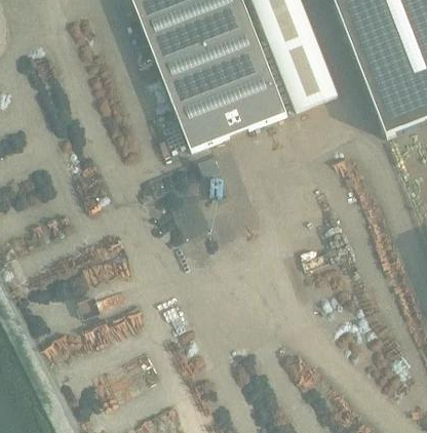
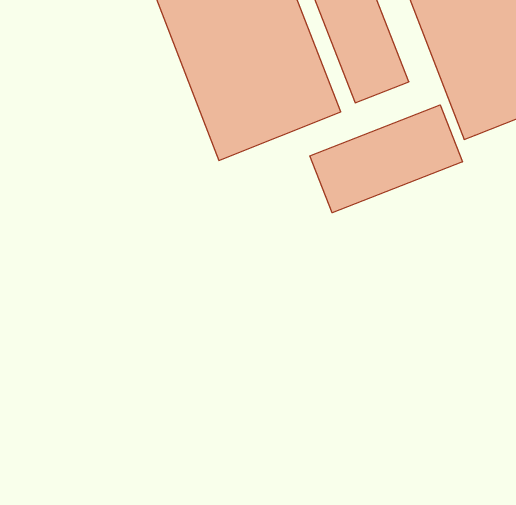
building: none -> [310,105,462,213]

